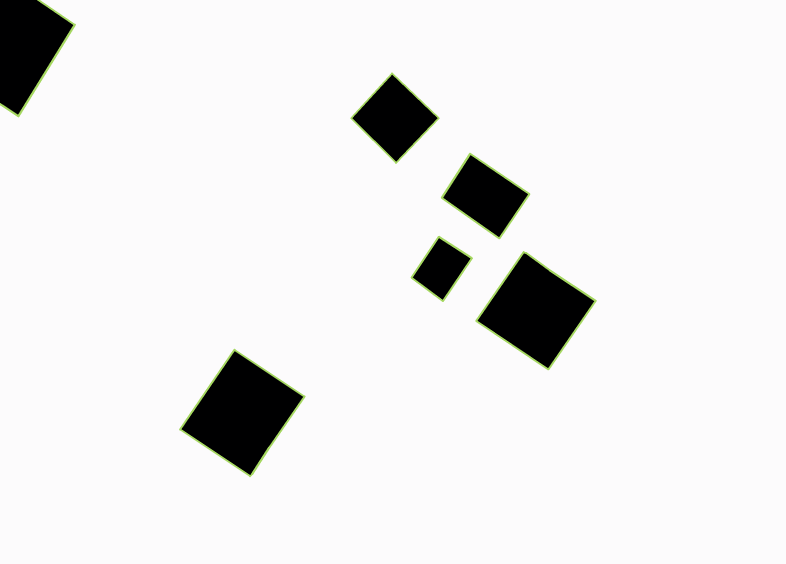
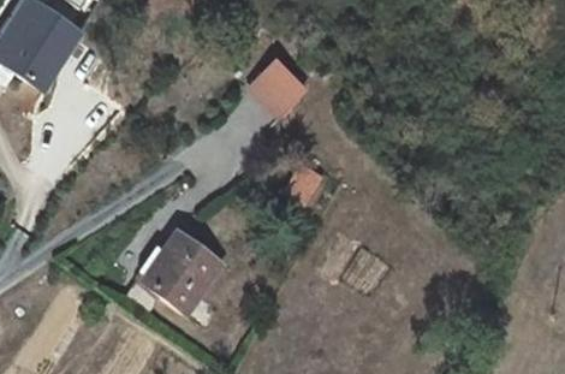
building: [442,154,529,238] -> none
building: [476,252,596,369] -> none

